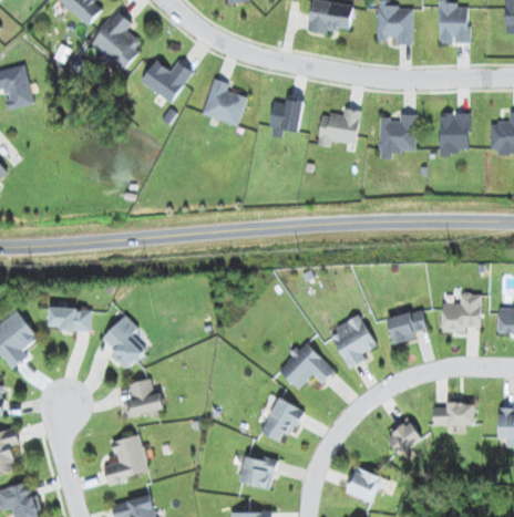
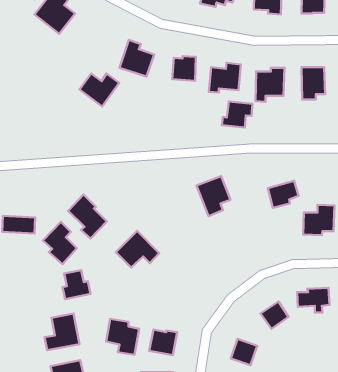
building: [141,60,193,103] -> [79,73,119,107]
building: none -> [222,101,253,127]
building: none -> [68,195,107,239]
building: [387,308,426,343] -> [268,181,298,208]
building: [331,317,376,369] -> [197,176,231,216]
building: [278,341,335,389] -> [116,231,159,268]
building: [261,396,304,441] -> none
building: none -> [106,319,139,355]

